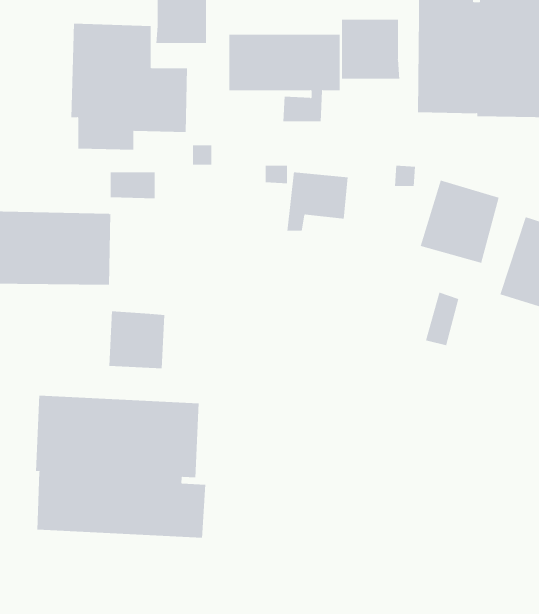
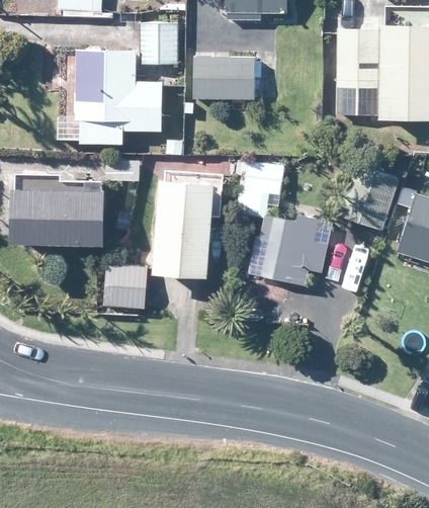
building: [341,19,400,79] -> none
building: none -> [153,180,214,277]
building: none -> [247,215,331,284]
building: [36,395,206,538] -> none

